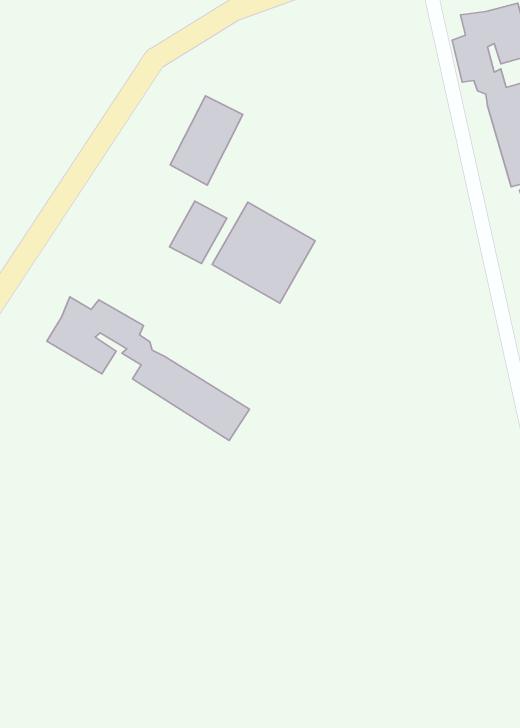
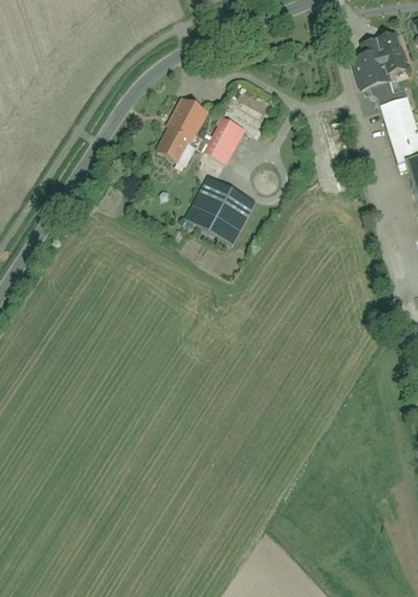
building: [169,201,227,264] -> [204,116,245,160]
building: [47,297,249,440] -> none

